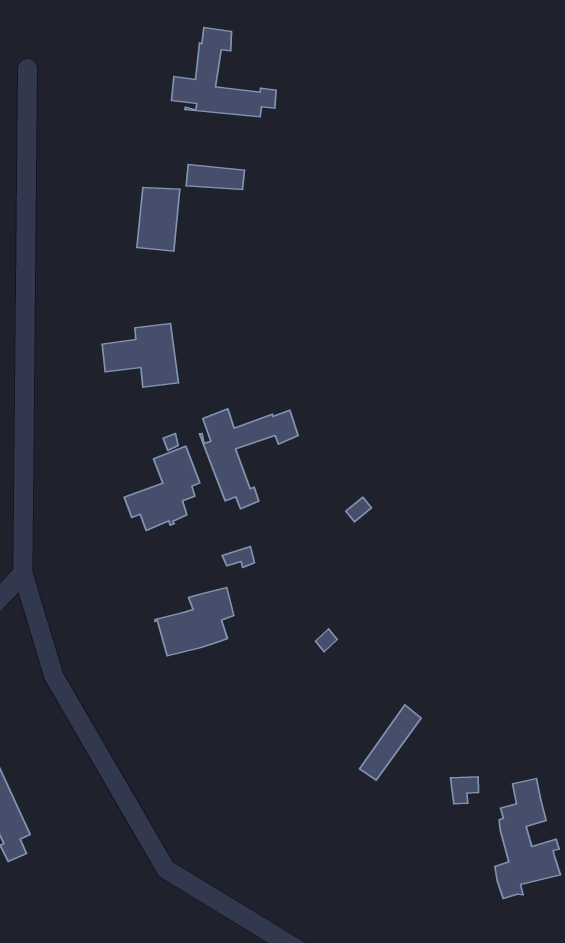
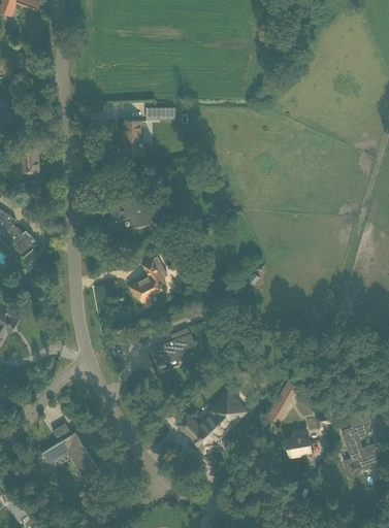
building: [172,28,276,117] -> none
building: [200,409,298,509] -> none
building: none -> [177,391,247,452]
building: none -> [287,427,311,455]

